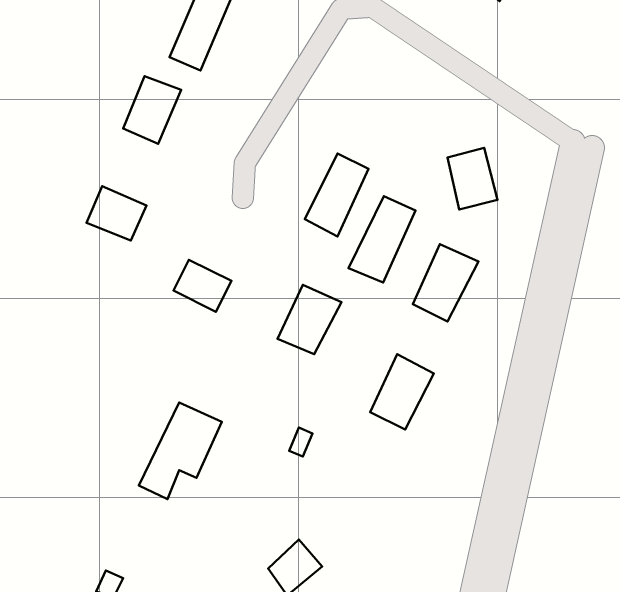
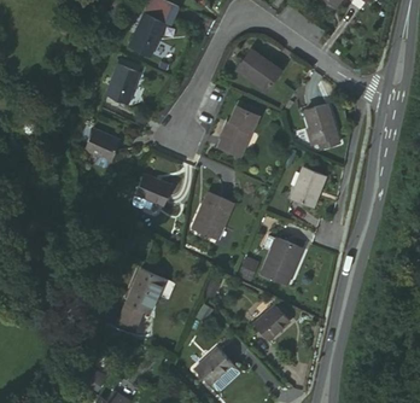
building: none -> [237,51,280,92]
building: [349,196,416,283] -> none
building: none -> [251,303,287,339]

